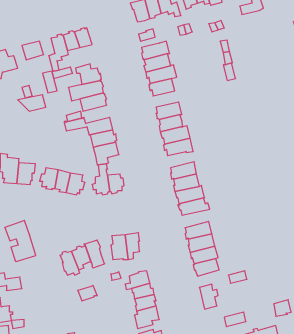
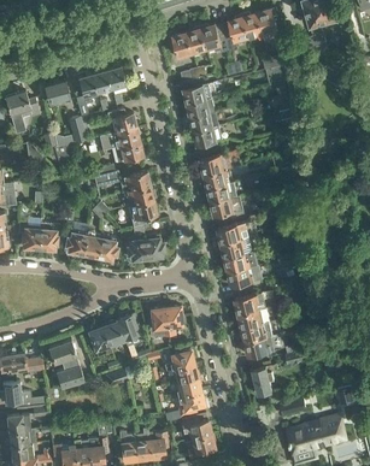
building: [5,220,36,262] -> [48,340,84,388]

